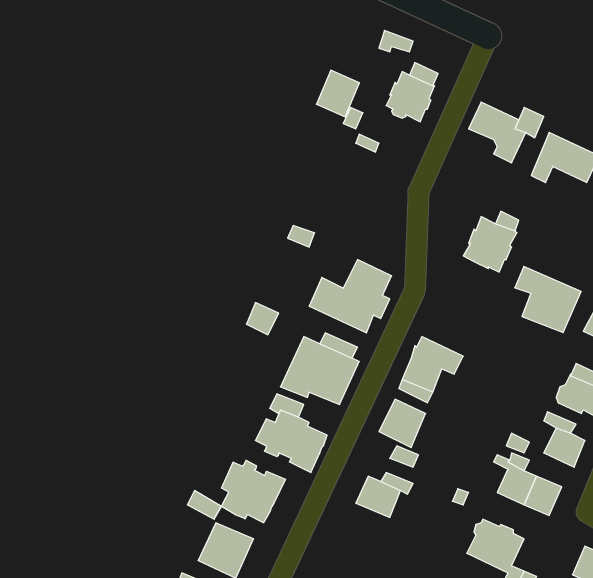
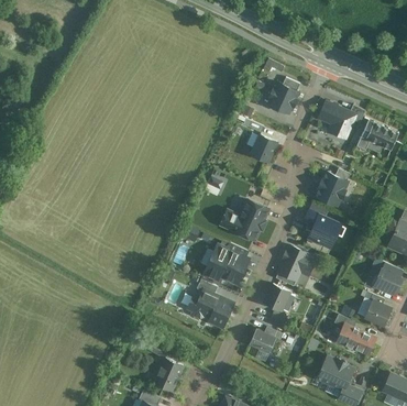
building: [316,70,359,117] -> [250,134,276,163]
building: [515,266,581,333] -> [304,209,344,250]
building: [221,460,285,523] -> none

